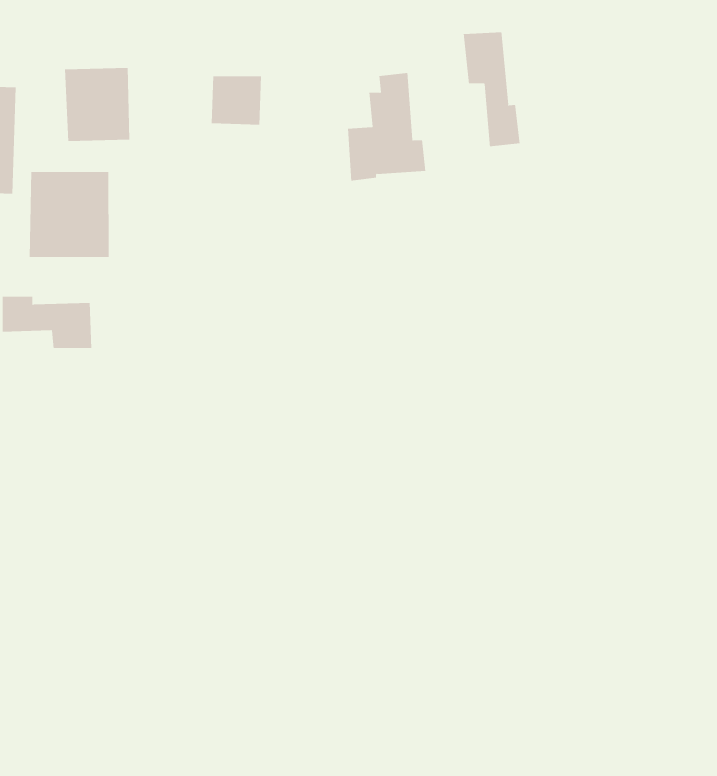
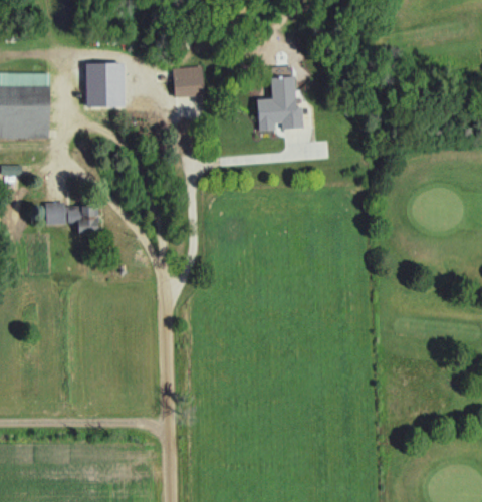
building: [463,31,520,147] -> none
building: [29,171,109,258] -> none

